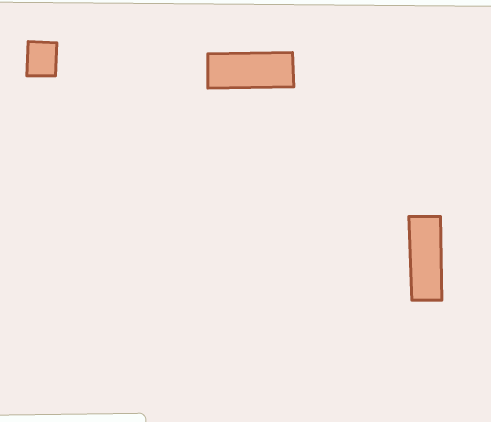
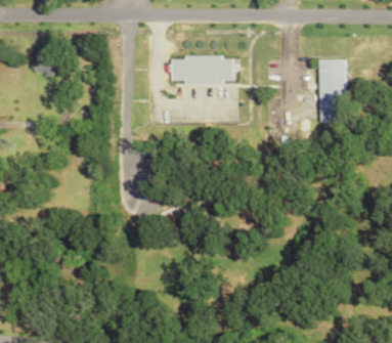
building: [409,217,442,300] -> [320,59,345,122]

